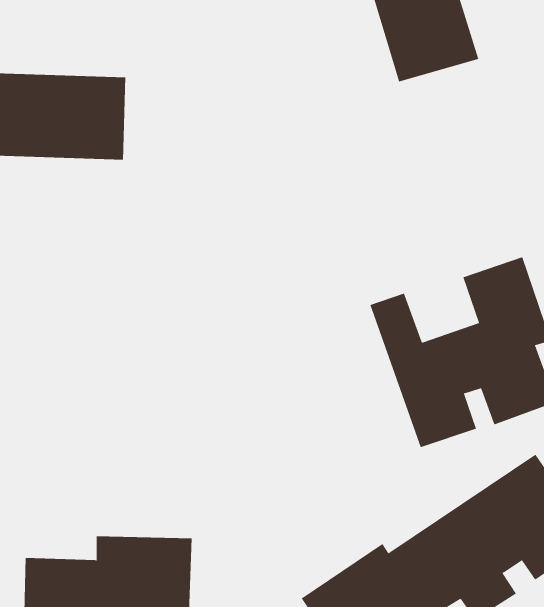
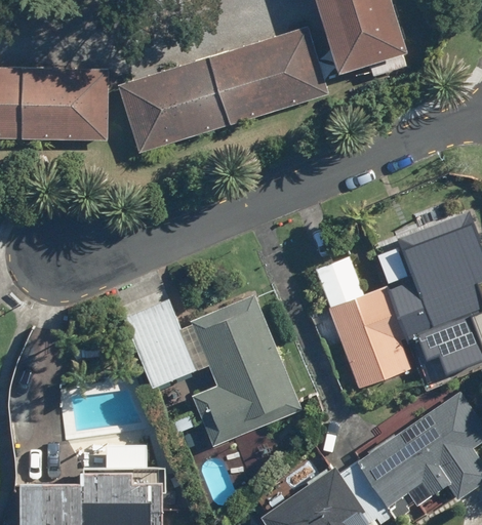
building: none -> [115,29,326,152]
building: none -> [122,296,298,443]

